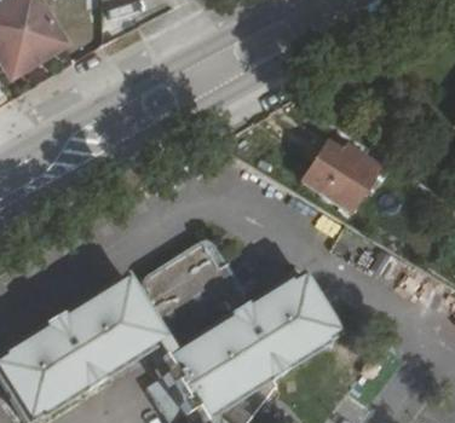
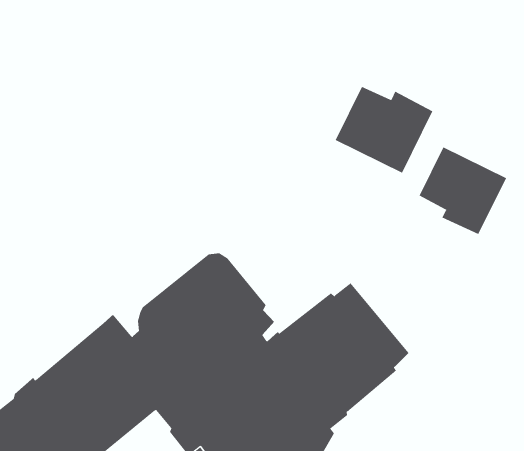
building: none -> [419,146,507,235]

